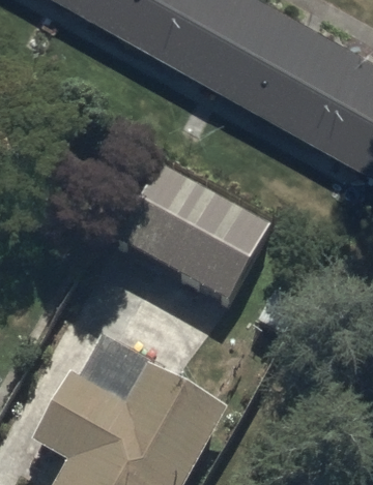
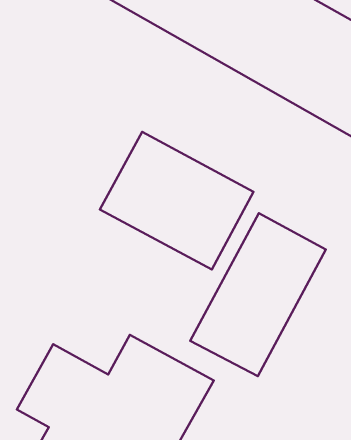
building: none -> [190,213,326,376]

